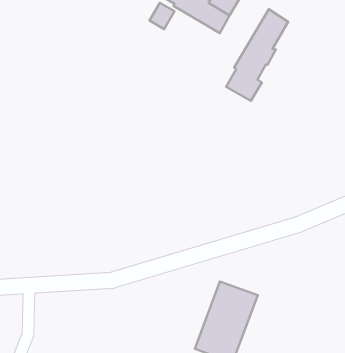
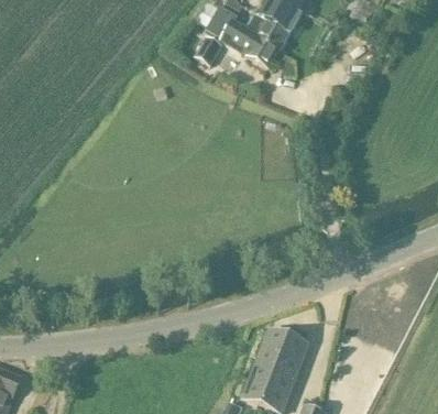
building: [226,9,288,101] -> none

